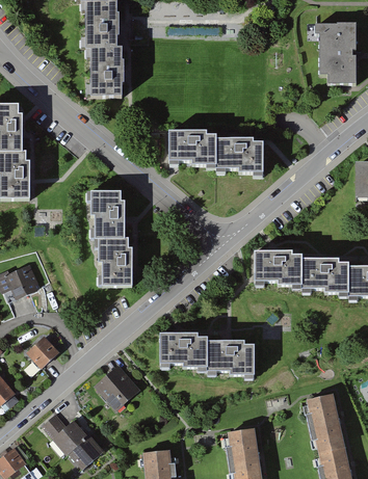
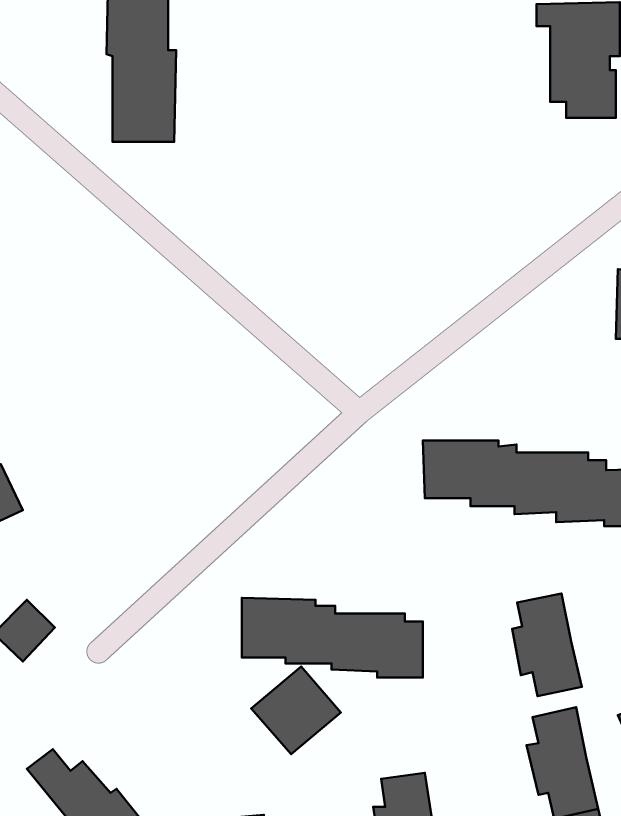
building: [166,132,262,174] -> none
building: [87,191,131,289] -> none
building: none -> [512,593,582,696]
building: [96,363,142,408] -> [251,667,341,754]

